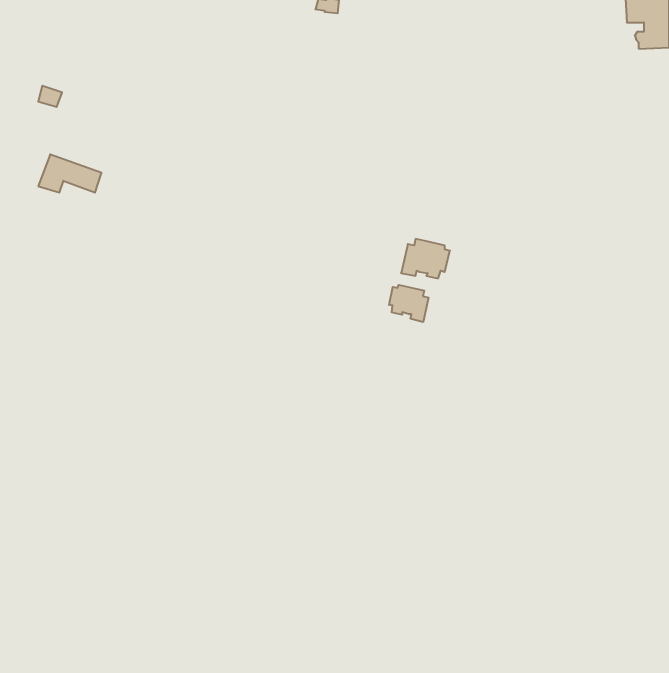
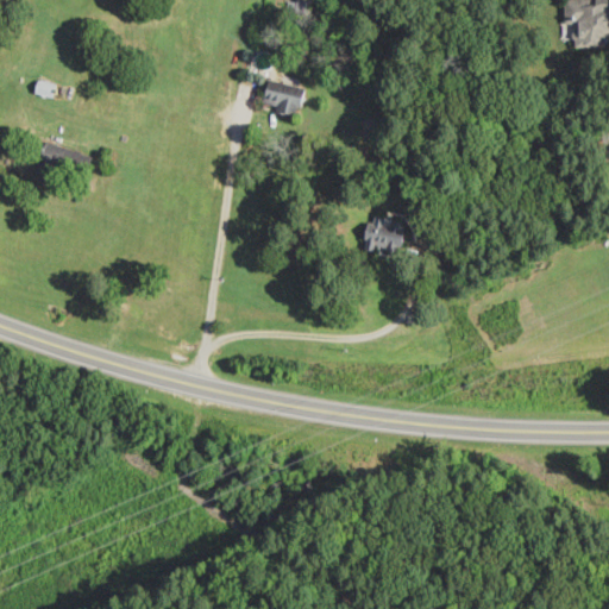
building: none -> [263,76,304,117]
building: [389,285,429,322] -> none

